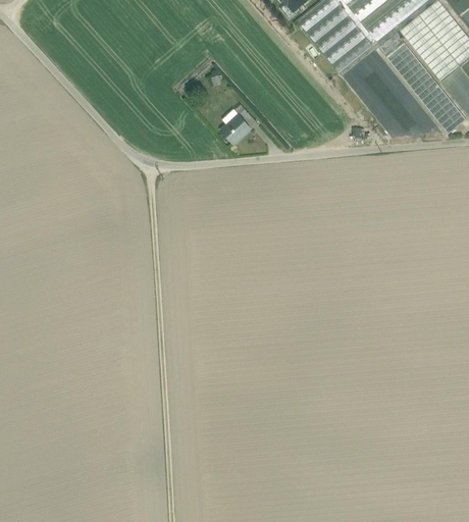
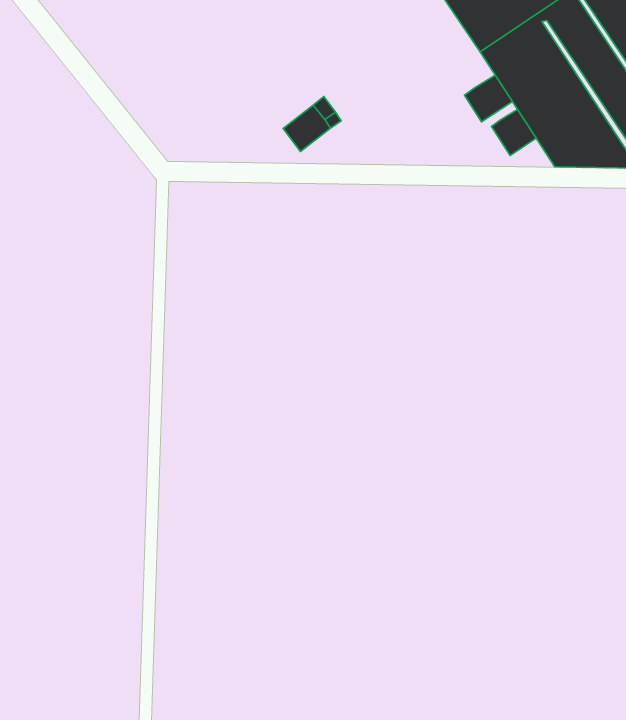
building: none -> [464,75,512,122]
building: none -> [491,109,536,155]

